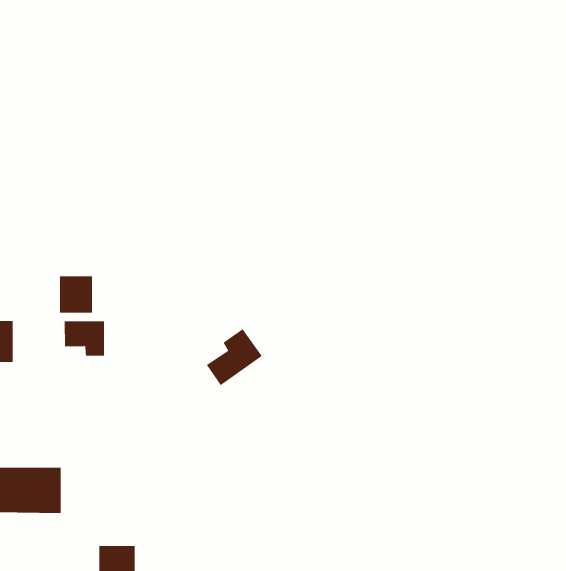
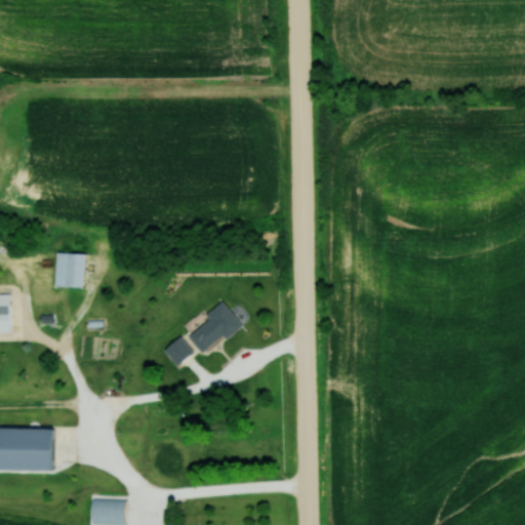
building: [64,320,105,356] -> none
building: none -> [164,338,193,367]

